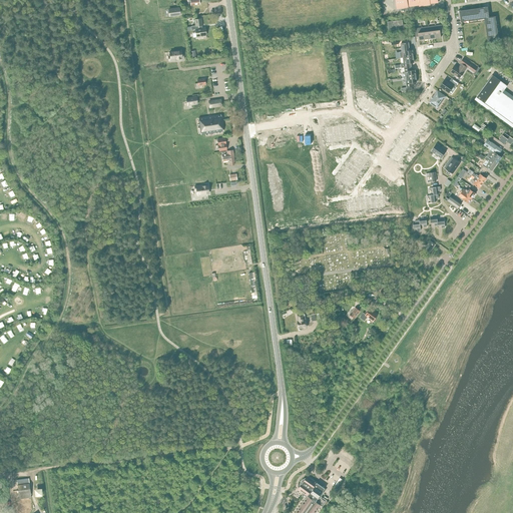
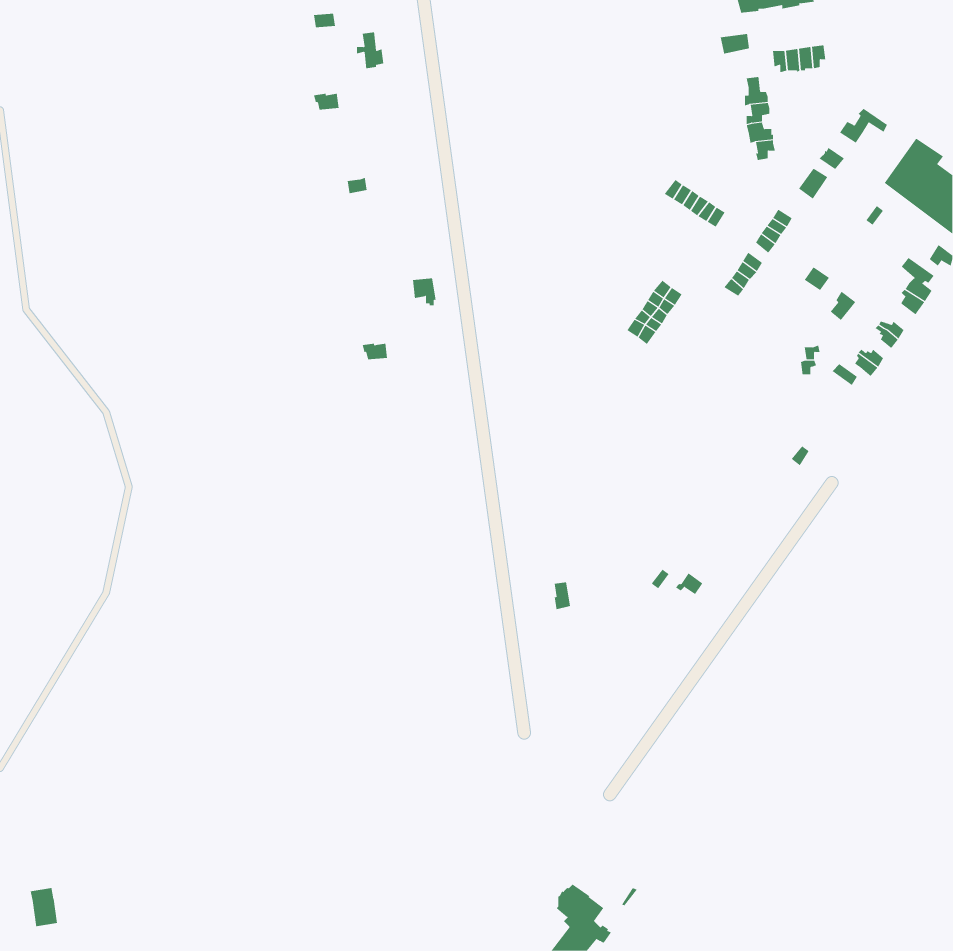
building: [460,6,499,40] -> none
building: [198,114,223,133] -> none

